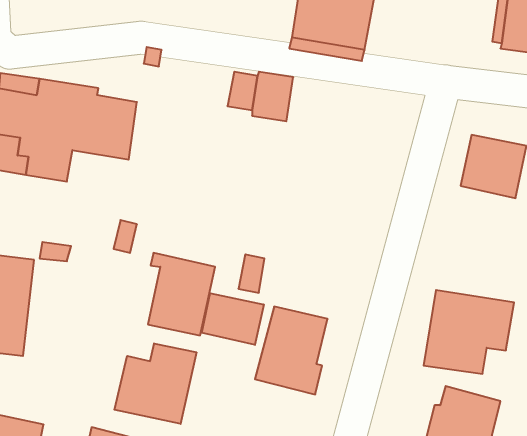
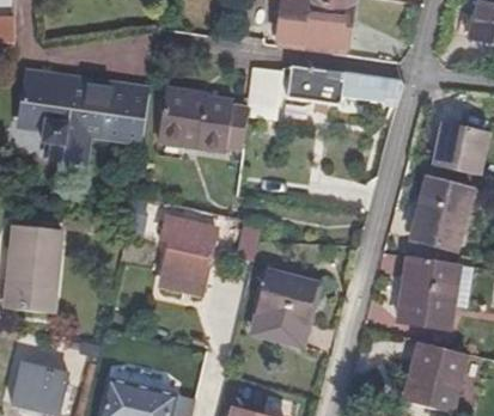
building: none -> [286,62,403,105]
building: none -> [155,87,249,149]
building: none -> [413,176,472,246]
building: [202,293,264,345] -> none
building: [114,343,196,424] -> none

